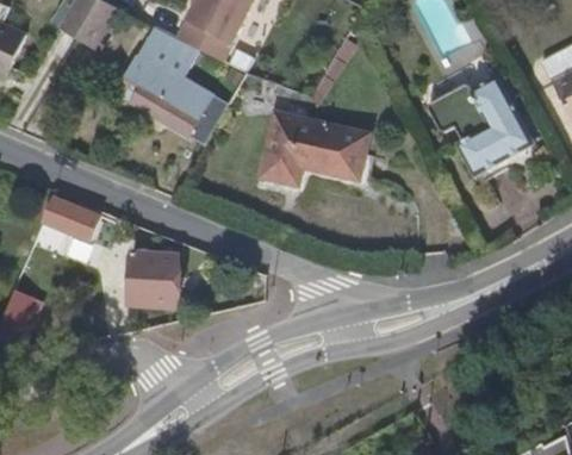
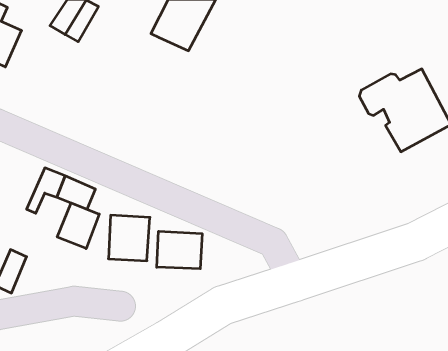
building: [124,29,213,138] -> none
building: [262,116,371,186] -> none
building: none -> [57,203,99,249]
building: none -> [157,231,202,269]

